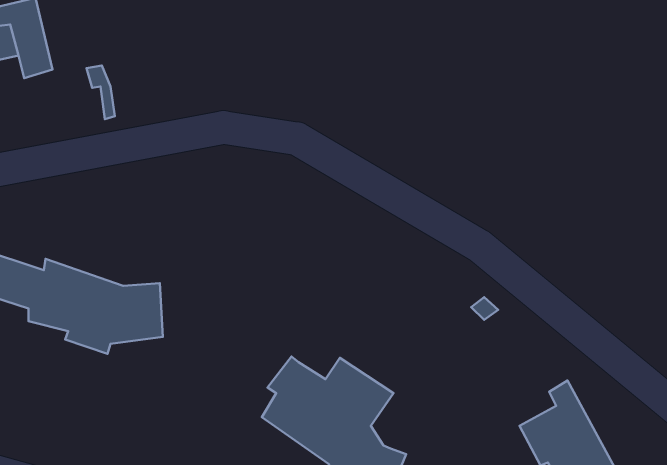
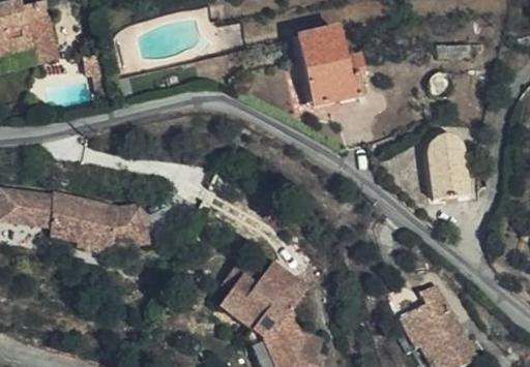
building: none -> [293,23,364,103]
building: none -> [425,132,469,196]

